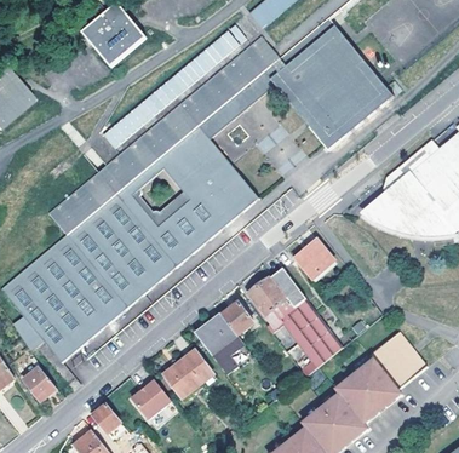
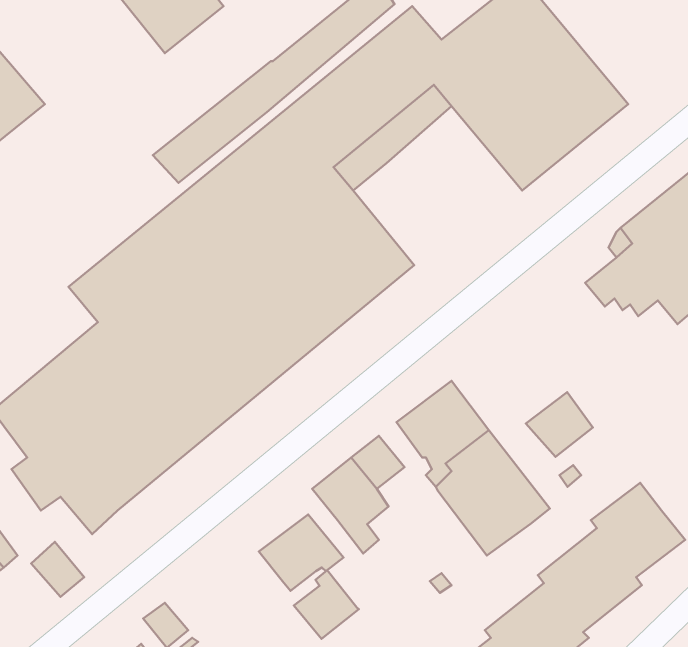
building: [294,240,335,280] -> [526,392,593,457]
building: [132,377,172,419] -> [294,570,359,639]

